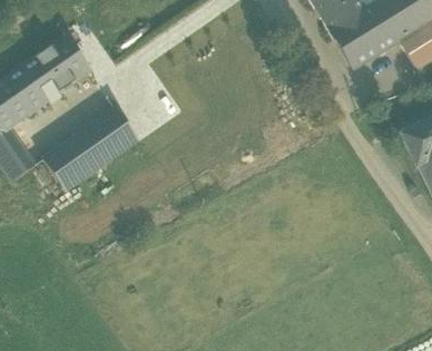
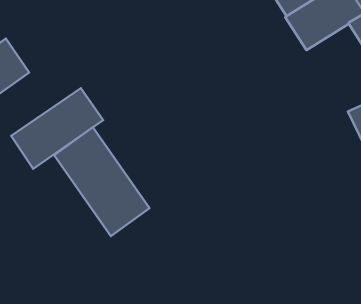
building: [39,33,94,89] -> none
building: none -> [54,127,149,236]

